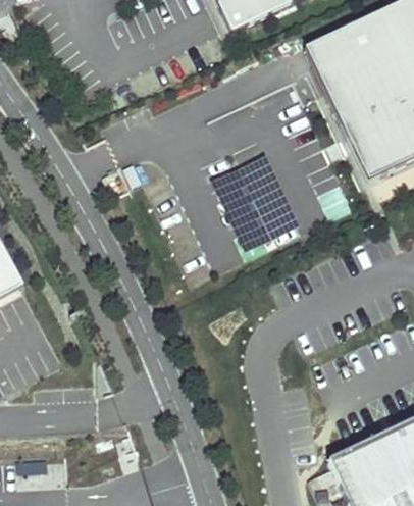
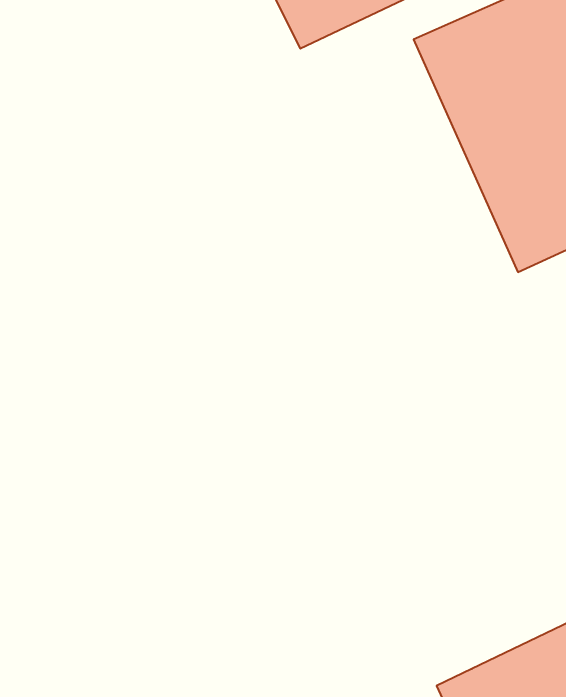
building: [210,157,298,254] -> none

